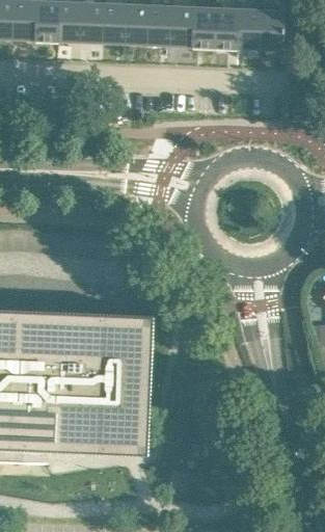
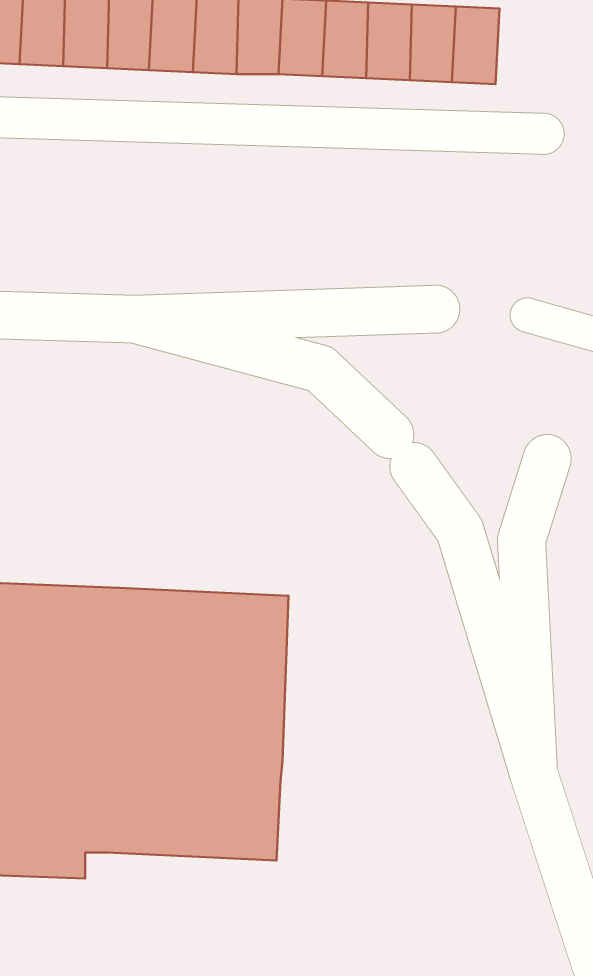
building: [260,9,283,50] -> none

